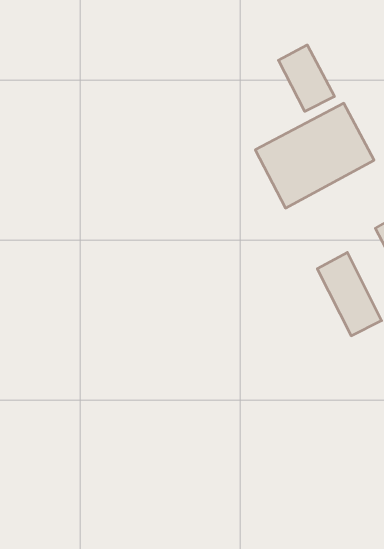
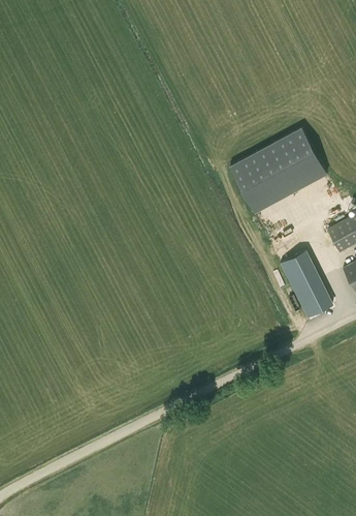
building: [278,45,334,111] -> none

